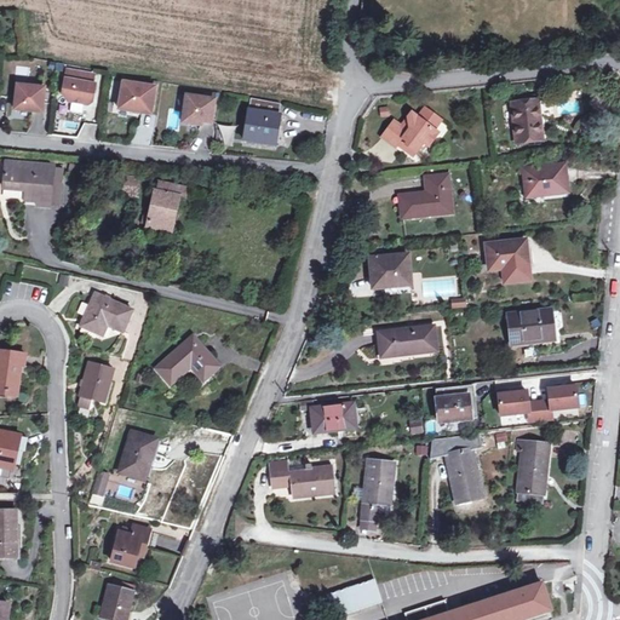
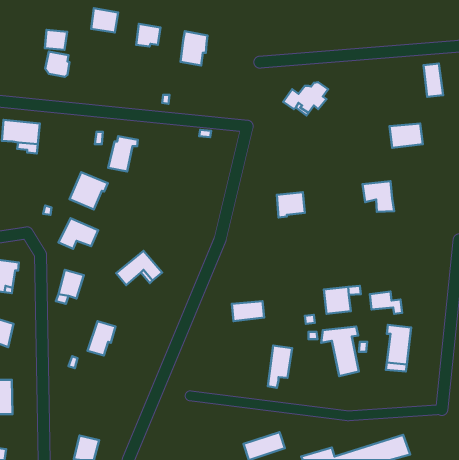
building: [117,80,154,113] -> [91,8,118,32]
building: [13,84,44,110] -> [45,30,67,50]
building: [180,93,213,124] -> [136,24,160,46]
building: [243,98,280,144] -> [180,31,208,65]
building: [512,98,539,143] -> [423,63,443,97]
building: [398,174,450,218] -> none
building: none -> [69,172,108,210]
building: [507,312,552,345] -> none
building: [379,328,436,355] -> none
building: [538,386,578,420] -> none
building: [271,466,332,495] -> none
building: [111,527,149,566] -> none

